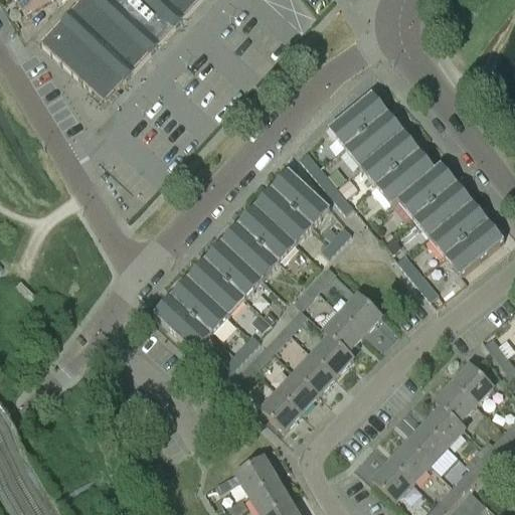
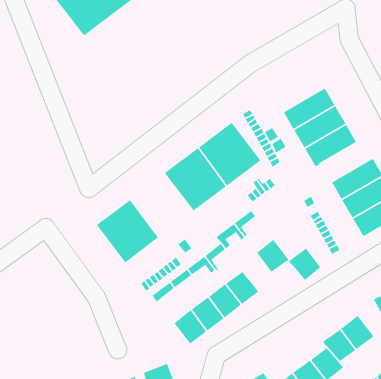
building: [329,91,388,147] -> none
building: [397,162,457,217] -> none
building: [188,239,263,314] -> none
building: [324,312,363,350] -> [288,247,321,281]

